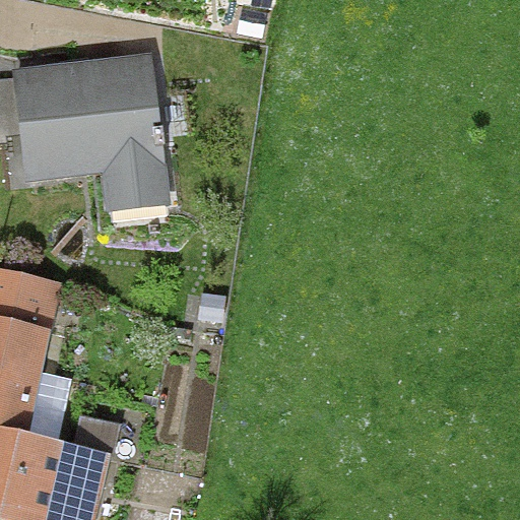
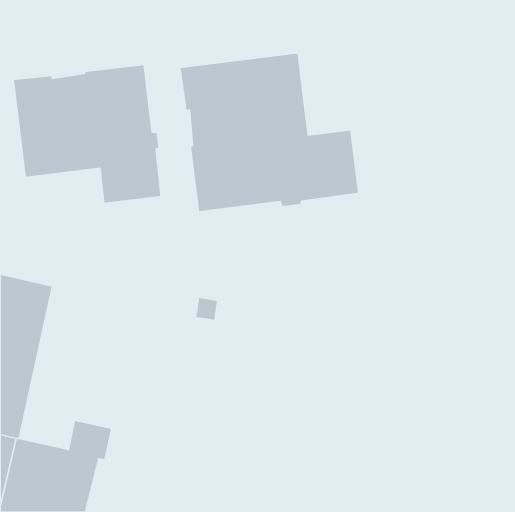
building: none -> [180,53,359,212]

